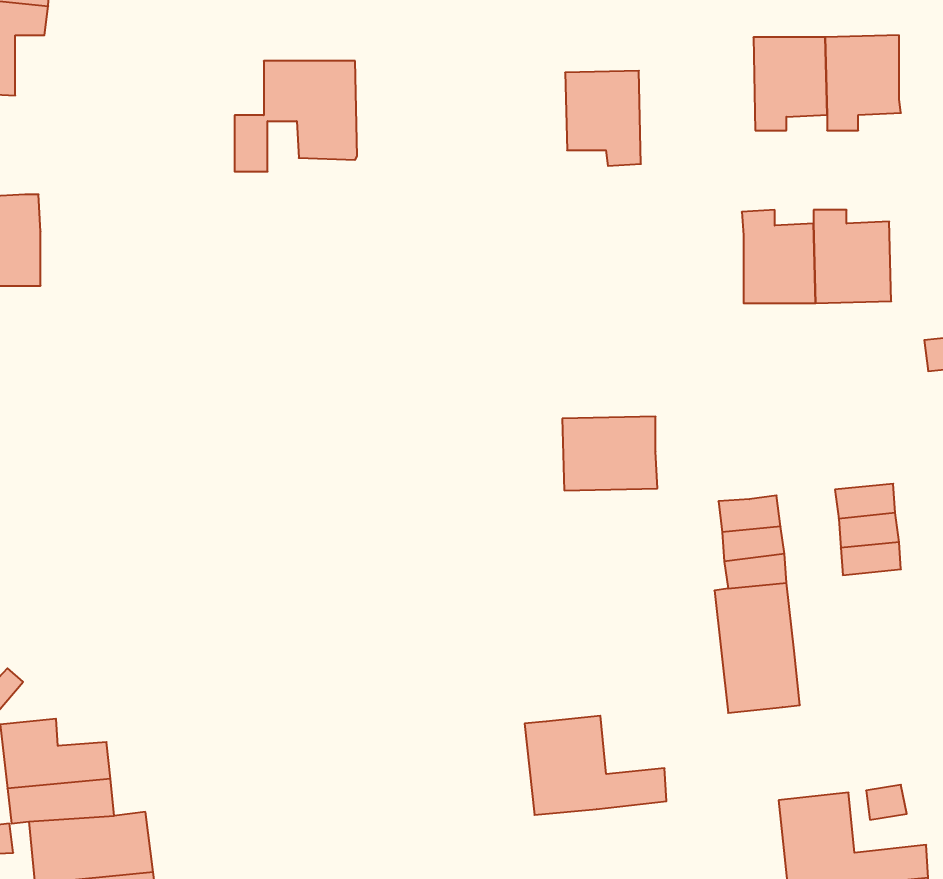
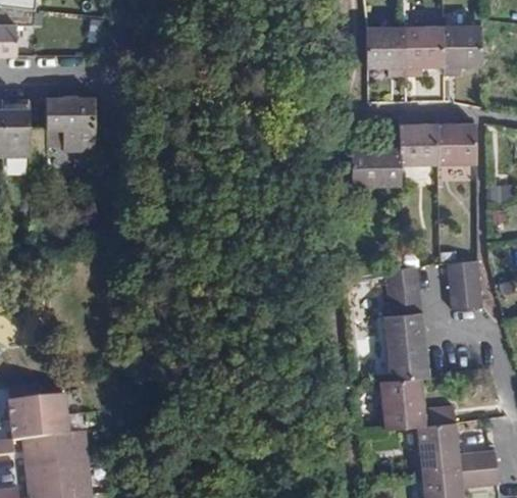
building: [235,61,357,172] -> [30,100,94,158]
building: [565,71,641,166] -> [365,27,405,77]
building: [562,417,657,490] -> [350,148,400,187]
building: [525,716,666,815] -> [379,379,454,431]

